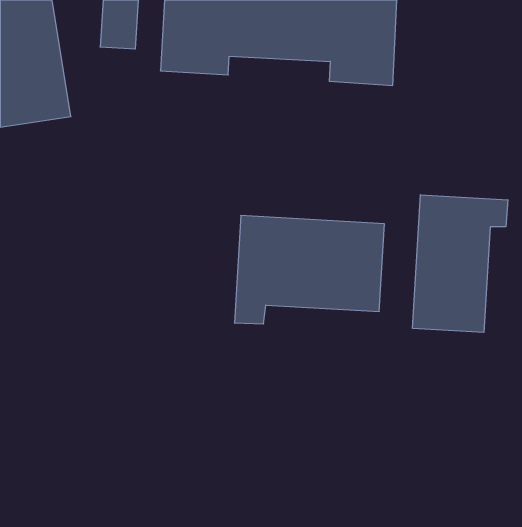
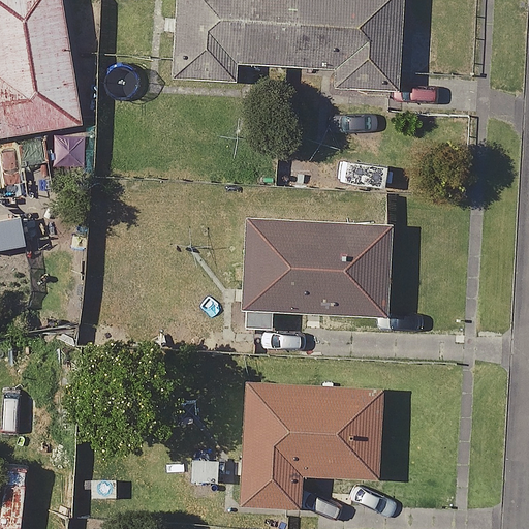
building: [413,195,508,332] -> none
building: none -> [240,384,381,503]

